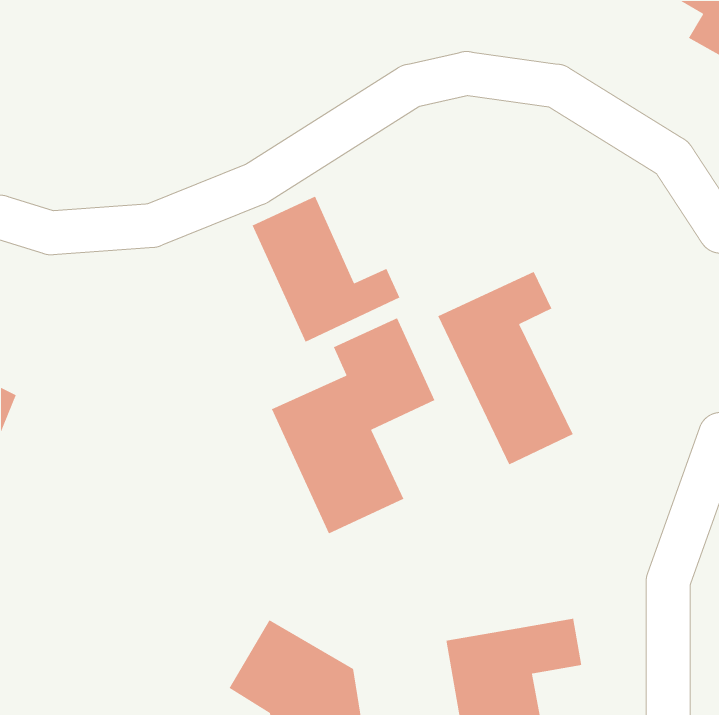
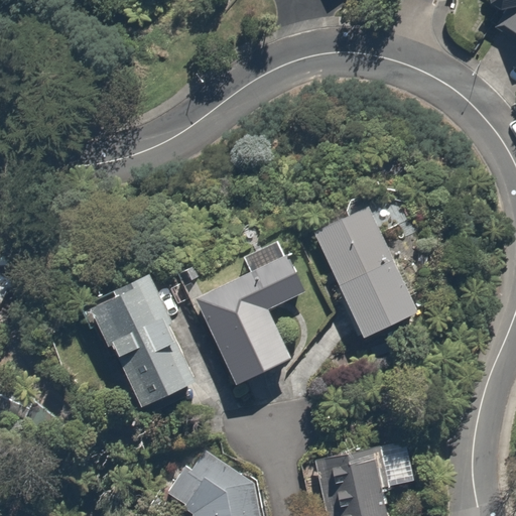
building: [251,196,400,343] -> none
building: none -> [83,273,201,413]

